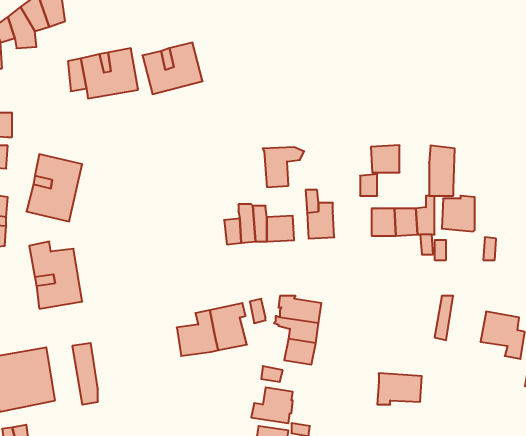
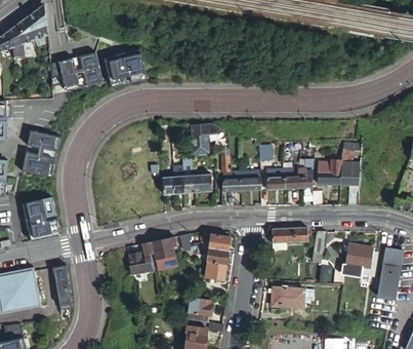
building: [371,145,400,172] -> [240,169,260,189]
building: [429,146,455,196] -> [341,148,360,184]
building: none -> [272,226,313,250]

